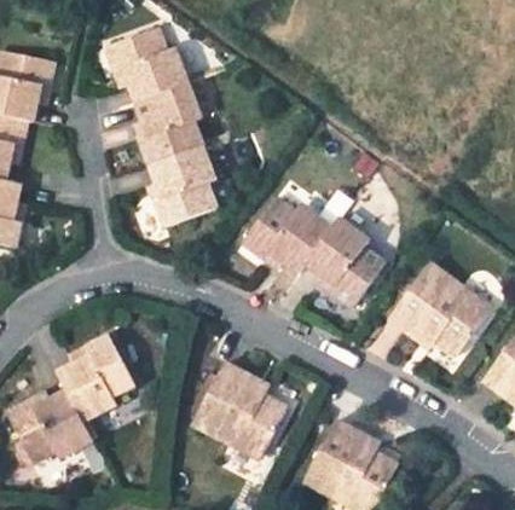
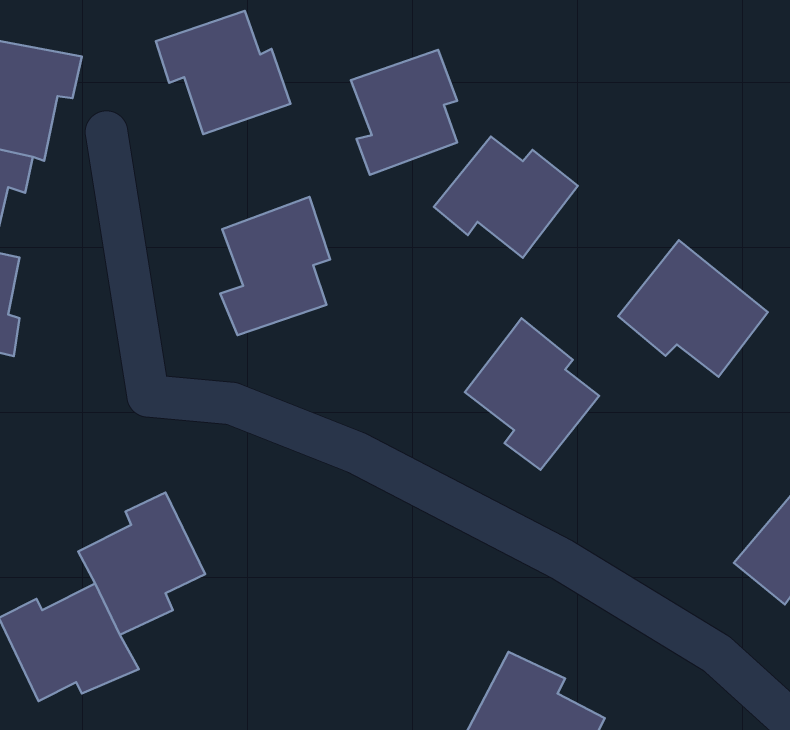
building: [138,82,206,162] -> [351,50,457,175]
building: [242,197,334,274] -> [434,137,578,258]
building: [390,263,486,350] -> [618,240,768,377]
building: [195,375,287,464] -> none

